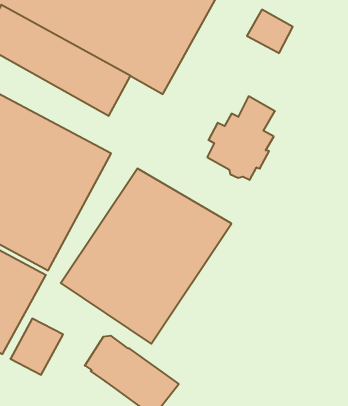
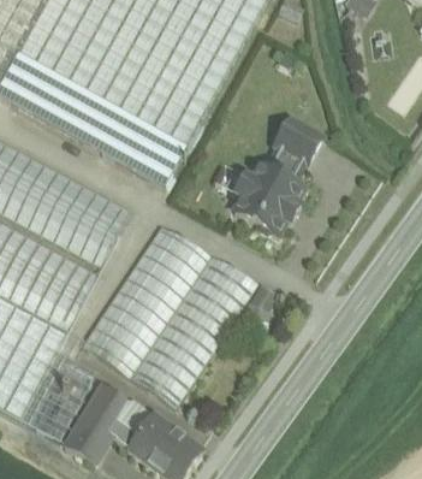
building: [247,10,293,53] -> [274,119,322,165]
building: none -> [131,126,188,187]
building: none -> [50,356,96,398]
building: none -> [65,384,125,465]

